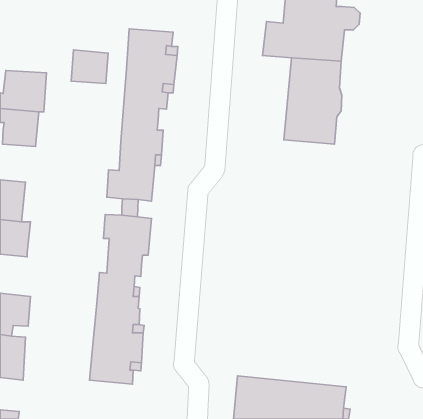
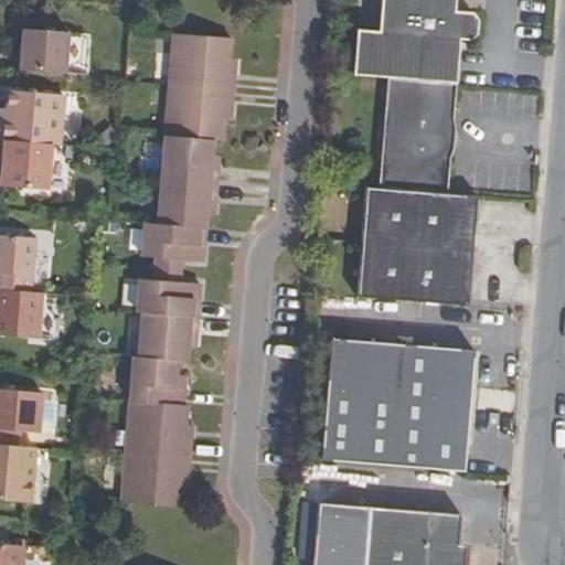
building: [71,50,108,84] -> [18,32,67,77]
building: none -> [356,185,478,305]
building: none -> [319,335,473,470]

